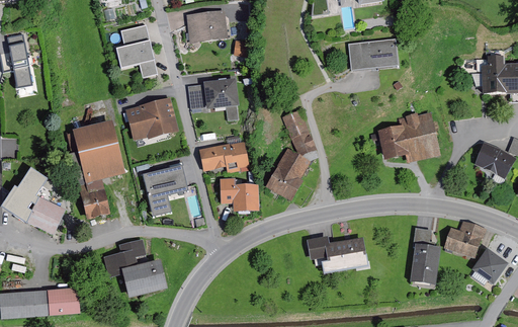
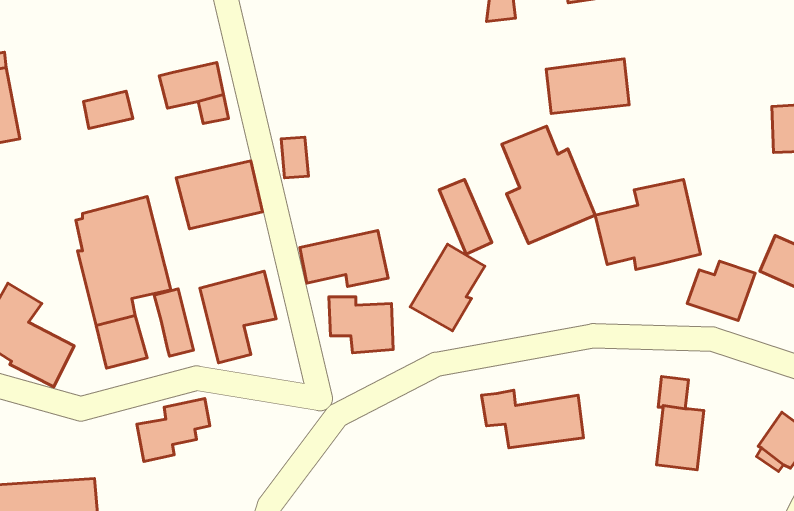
building: [187,10,227,39] -> none
building: [120,23,150,46] -> [84,91,133,129]
building: [204,77,238,106] -> none
building: none -> [502,126,595,244]
building: none -> [154,289,194,356]
building: [445,221,486,256] -> [687,261,755,321]
building: [123,260,166,296] -> none

